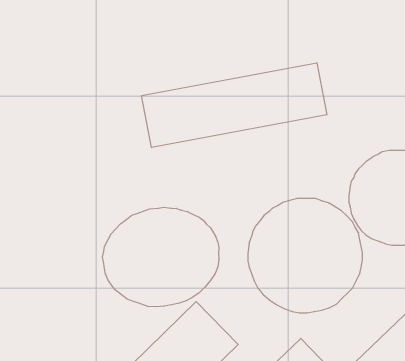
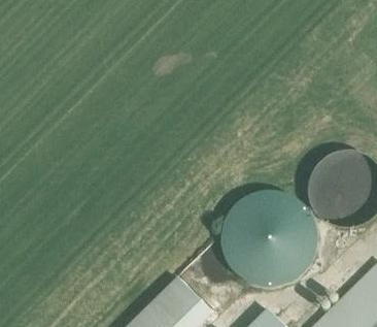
building: [142,63,327,148] -> none
building: [102,207,219,307] -> none

